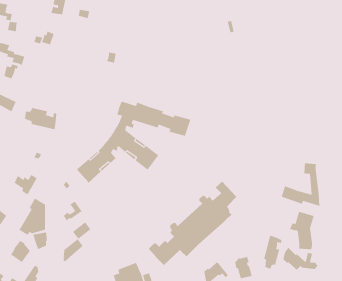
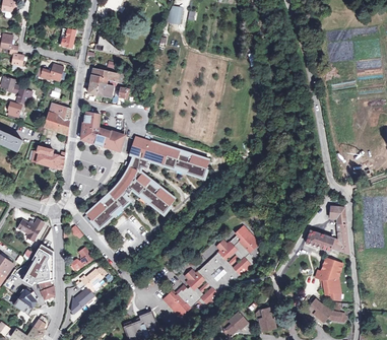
building: none -> [87,68,126,96]
building: none -> [44,104,70,134]
building: none -> [81,112,124,150]
building: [264,235,282,270] -> none

